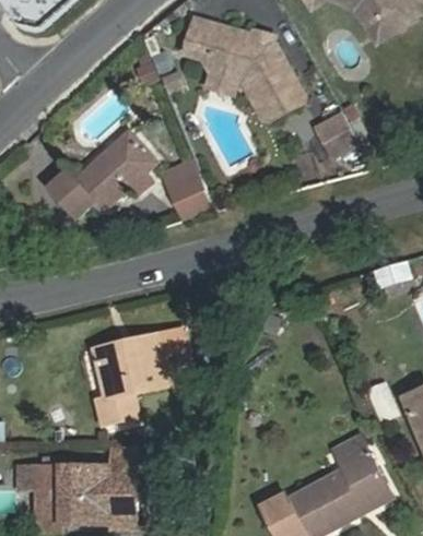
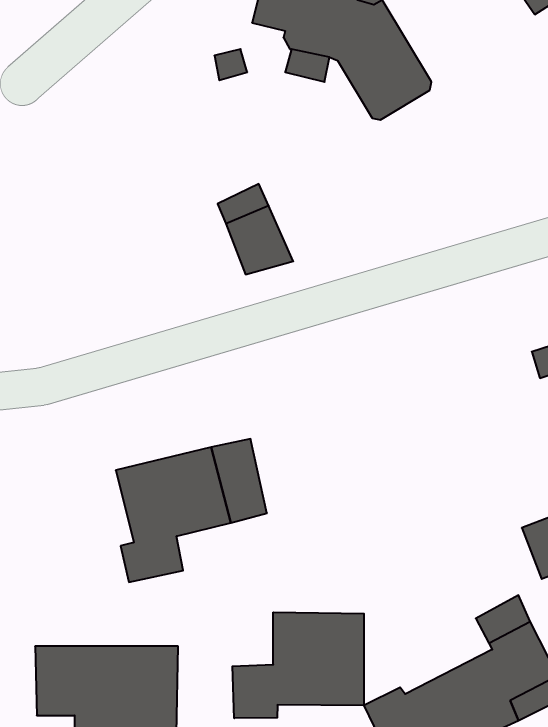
building: [314,106,357,152] -> none
building: [47,132,152,217] -> none
building: none -> [232,612,364,718]

